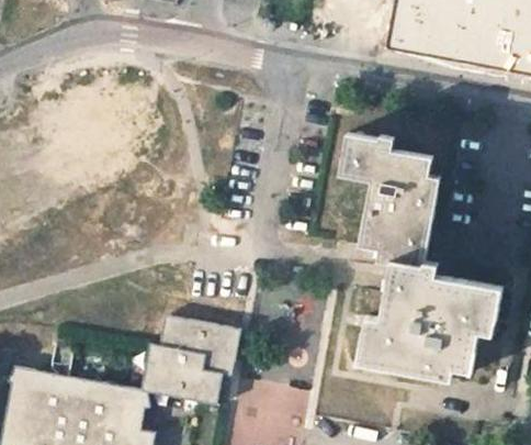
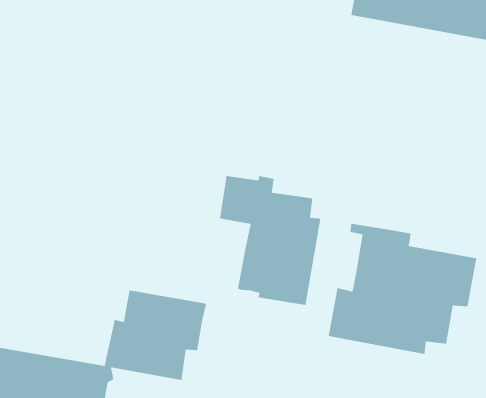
building: [342,132,441,258] -> [219,176,321,306]

